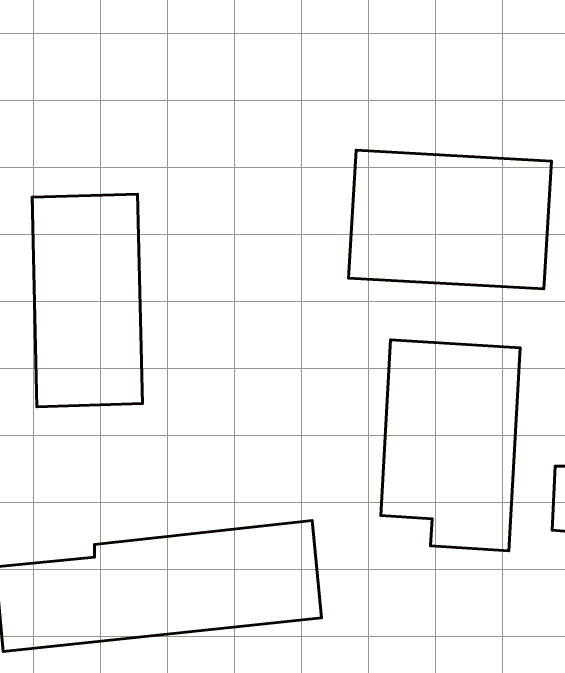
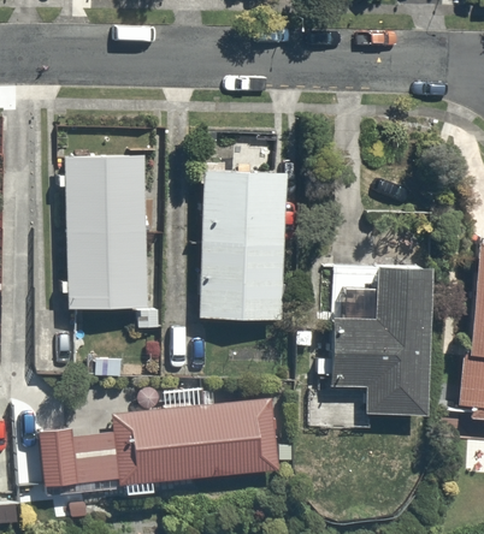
building: [348,150,551,289] -> none
building: none -> [194,167,288,320]

